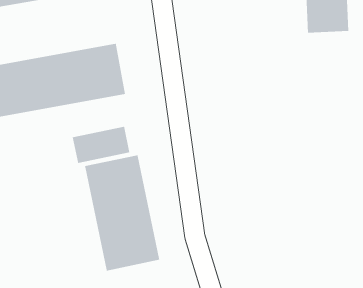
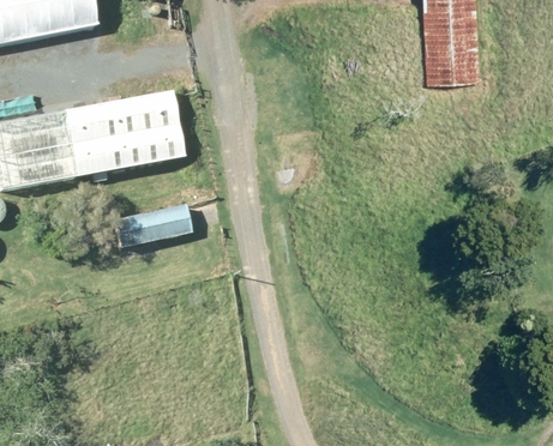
building: [84,155,160,271] -> none

